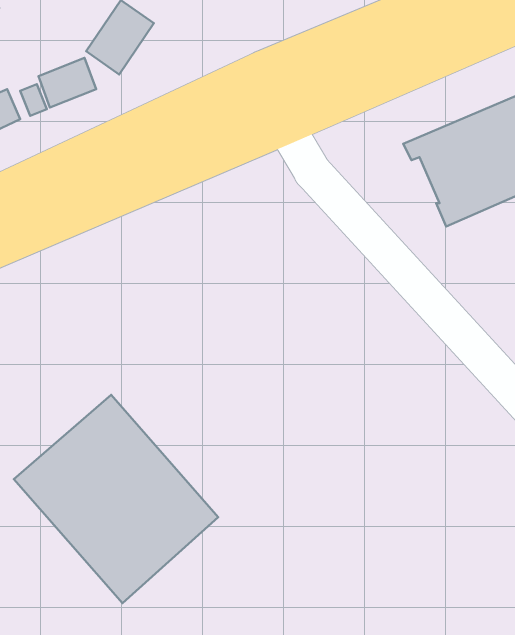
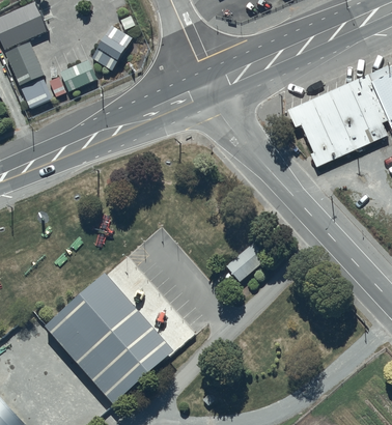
building: none -> [227,245,265,280]

